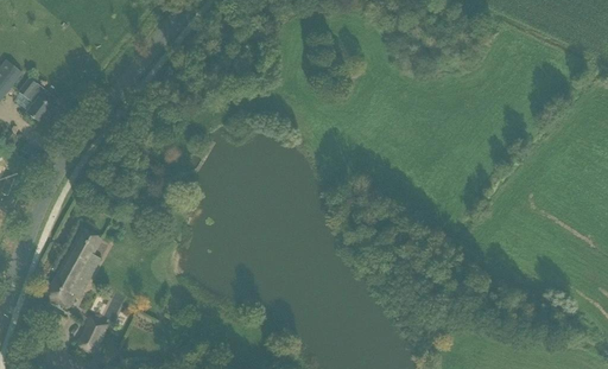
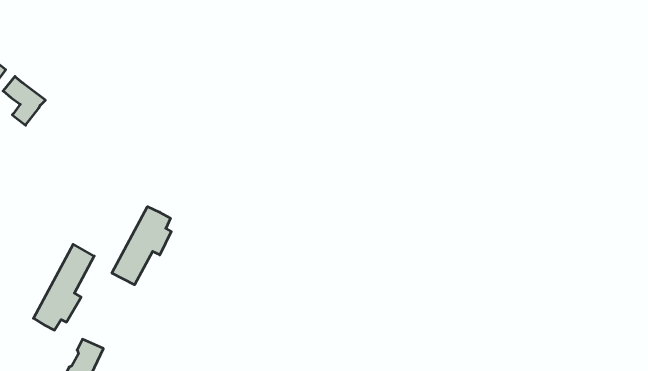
building: none -> [112,207,171,285]

